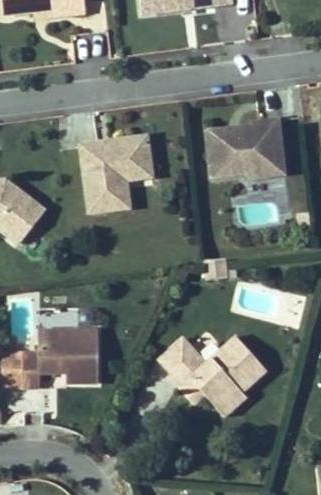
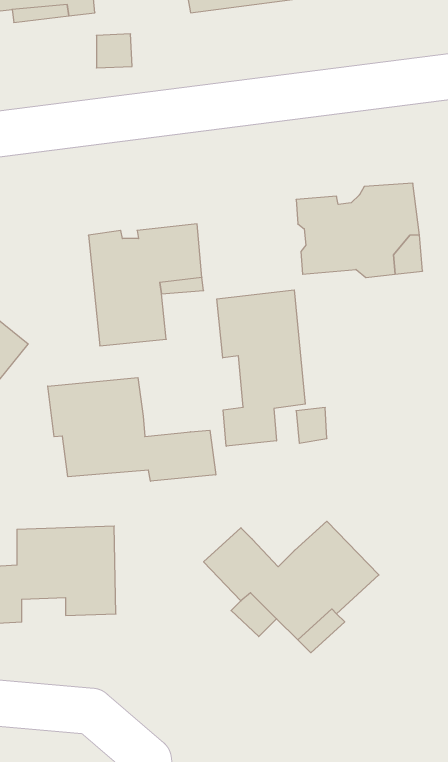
building: none -> [217,290,305,446]
building: none -> [48,378,216,481]

